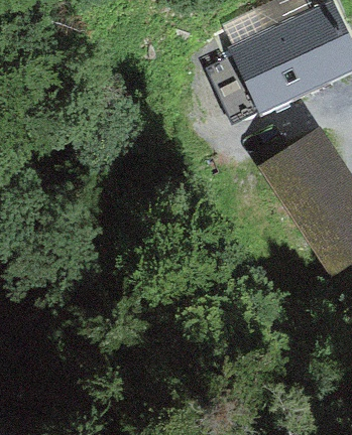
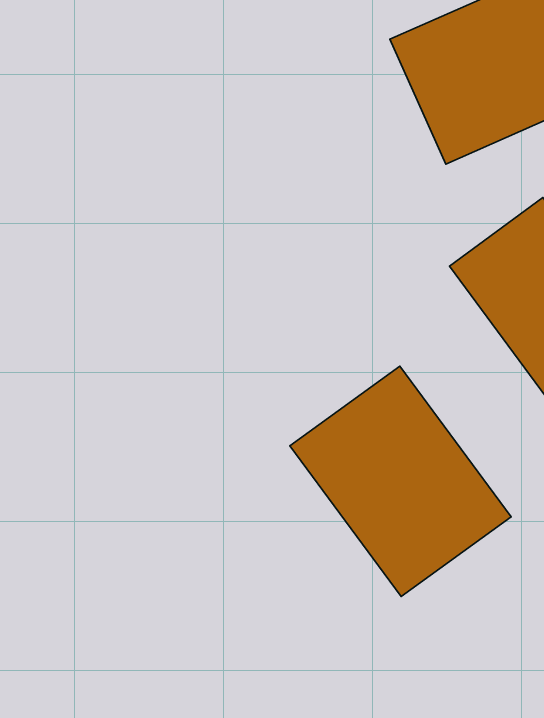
building: none -> [290,366,511,596]

